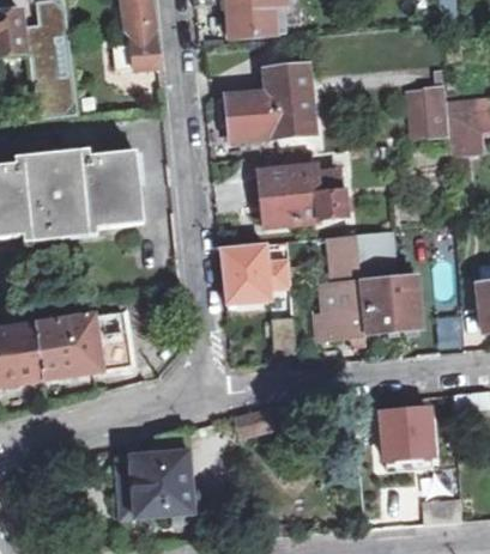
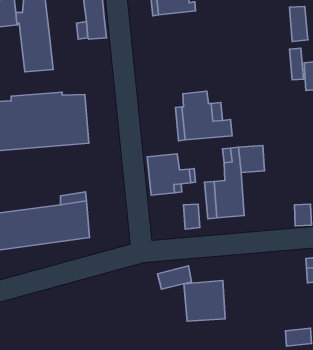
building: [228,65,313,141] -> none
building: [406,87,434,139] -> [290,6,308,41]
building: [361,270,417,331] -> none
building: [380,408,441,468] -> [184,281,225,321]
building: [116,431,190,522] -> none

